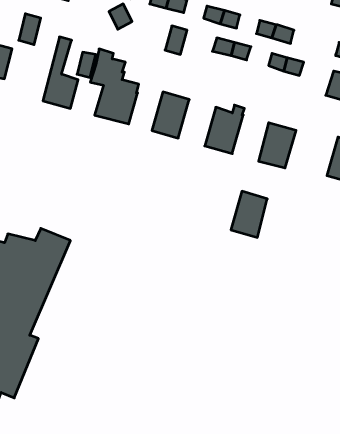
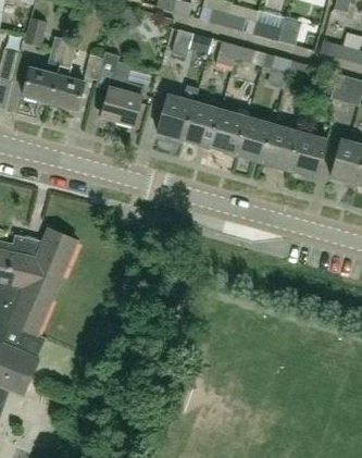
building: none -> [23,36,66,102]
building: none -> [184,101,221,147]
building: none -> [289,132,327,177]
building: [231,191,267,237] -> [237,116,273,162]

